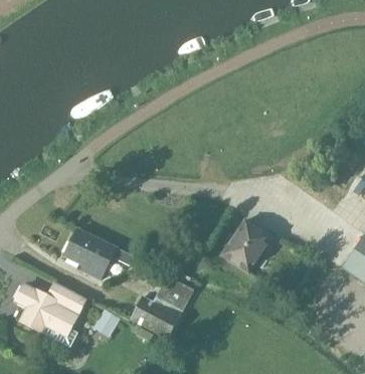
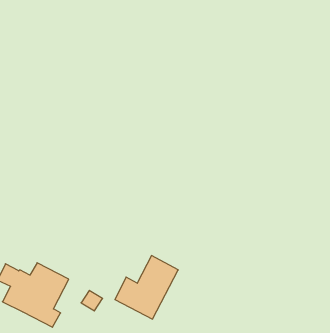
building: [224,219,281,272] -> none
building: [64,228,134,279] -> none

